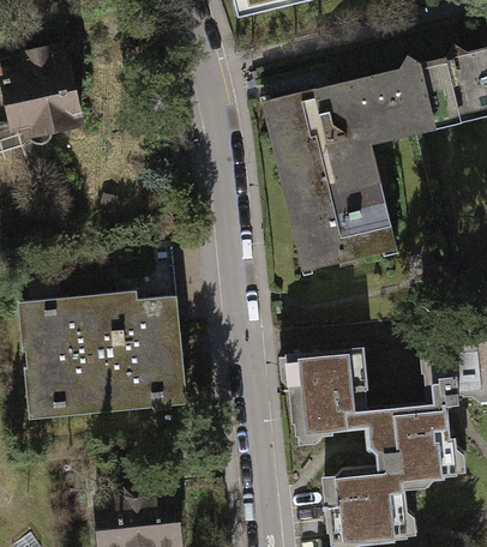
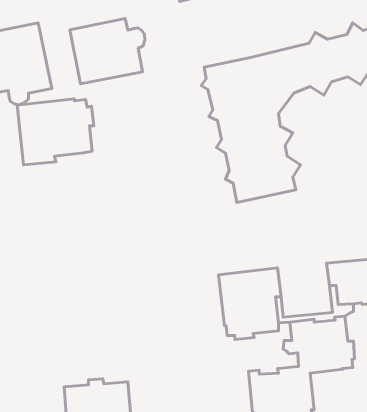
building: none -> [70,18,145,84]
building: none -> [17,99,94,165]
building: [24,291,180,414] -> none

